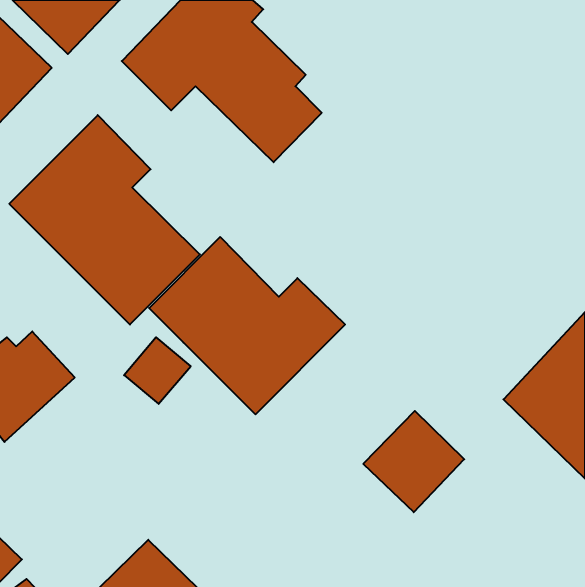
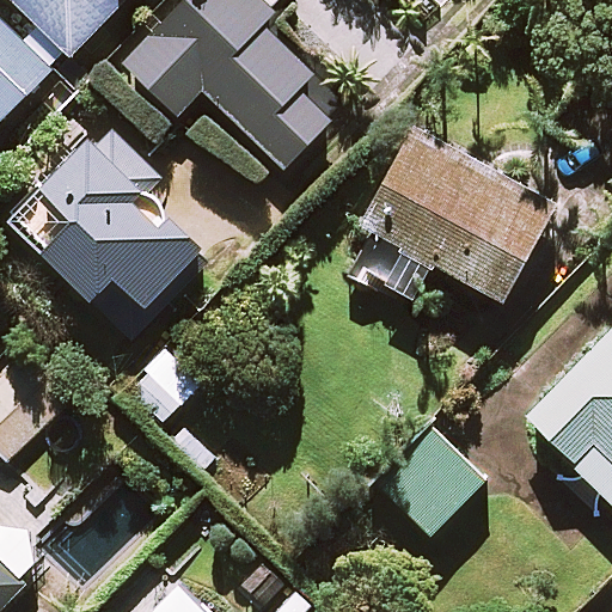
building: none -> [342,131,550,305]
building: [149,237,345,414] -> none

